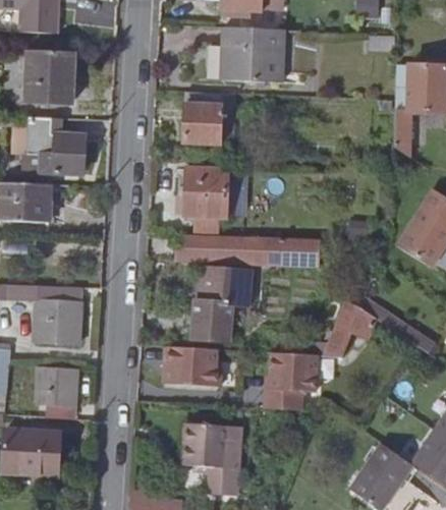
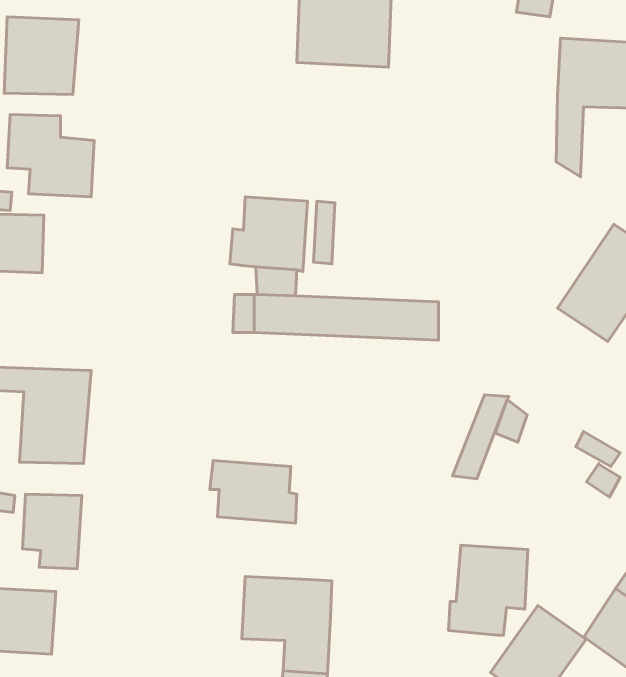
building: [182,106,222,147] -> none
building: [192,271,252,341] -> none
building: [264,353,317,413] -> [448,545,528,635]

